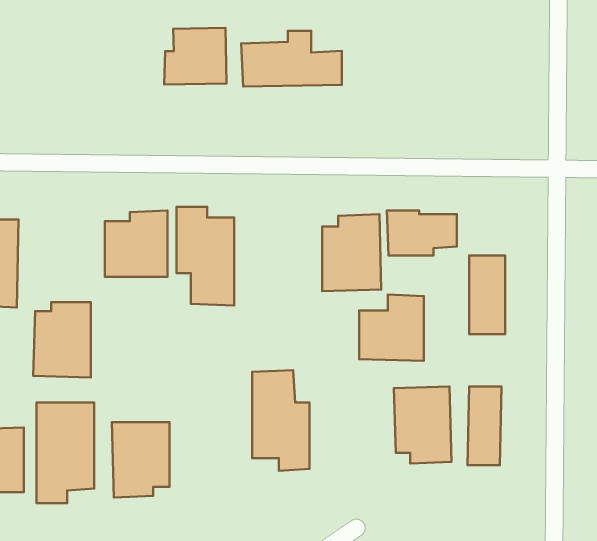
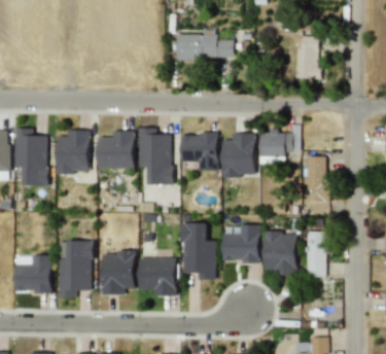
building: [164,28,227,85] -> none
building: none -> [294,36,320,79]
building: none -> [180,134,217,171]
building: [359,294,424,361] -> [221,224,258,262]
building: [33,302,91,377] -> [56,131,89,174]
building: none -> [138,258,175,296]

